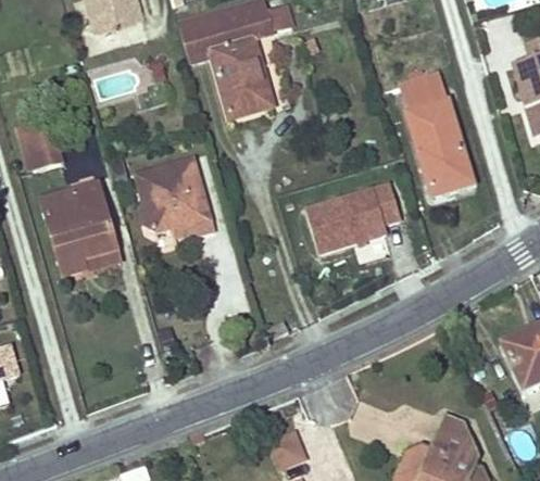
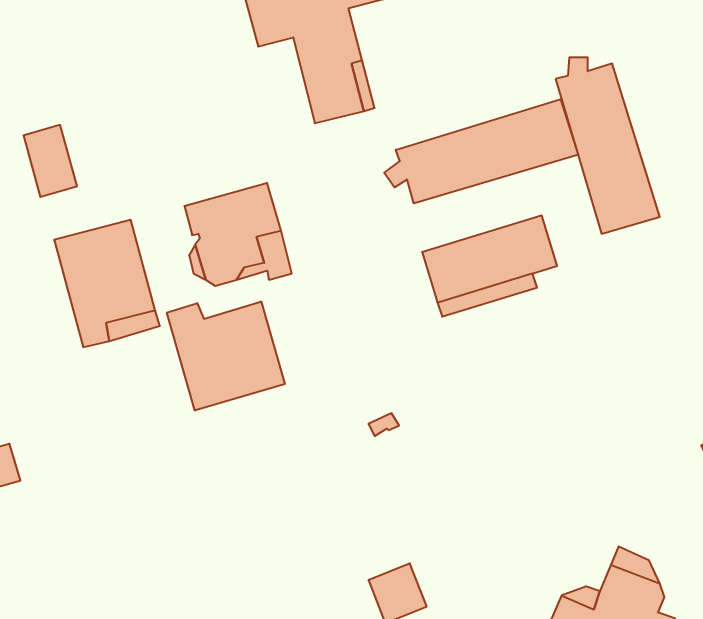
building: none -> [384,99,578,203]
building: none -> [167,301,285,411]

